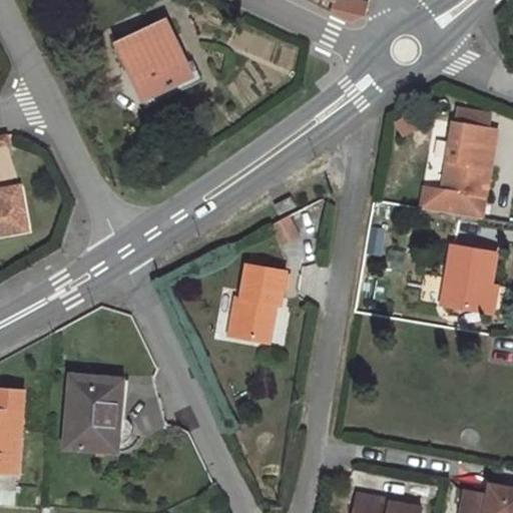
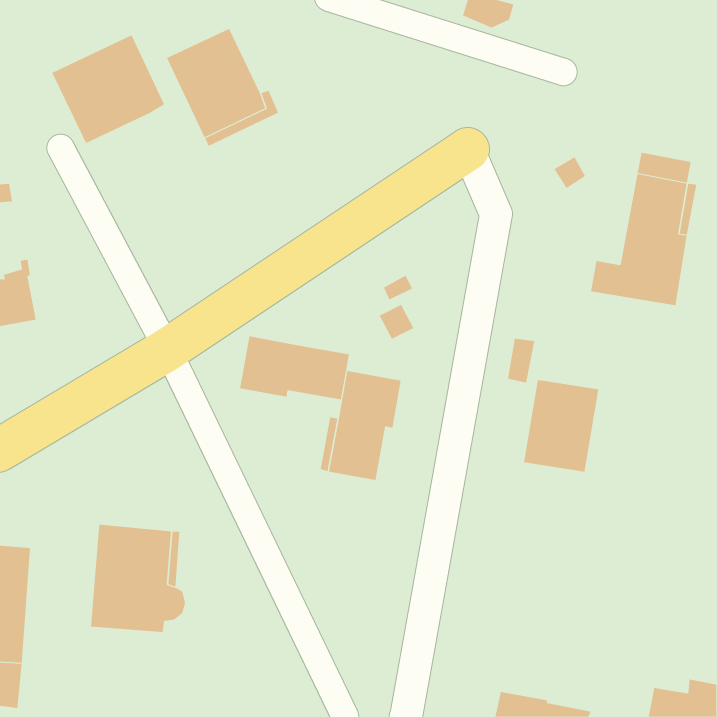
building: none -> [52,35,165,144]
building: none -> [239,336,350,400]
building: [441,244,495,311] -> [523,379,599,472]

